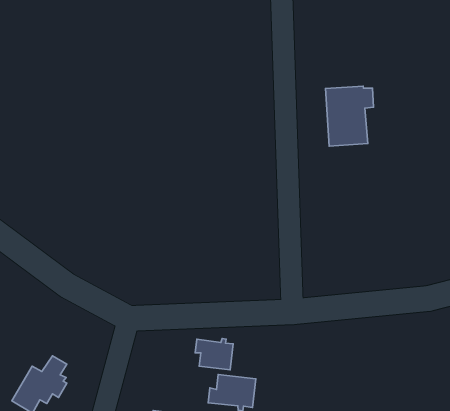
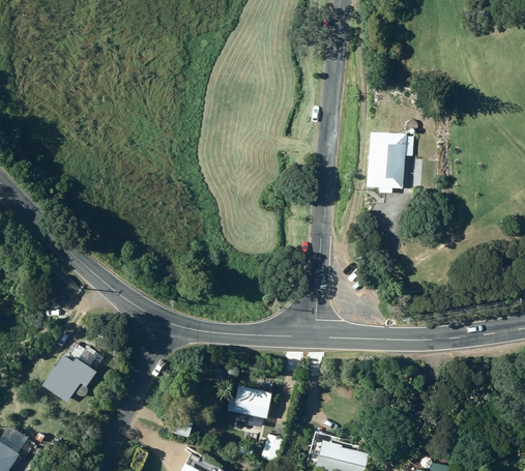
building: [195,339,233,370] -> none

